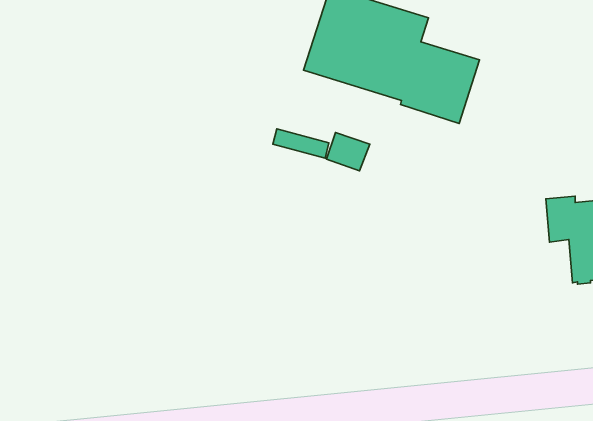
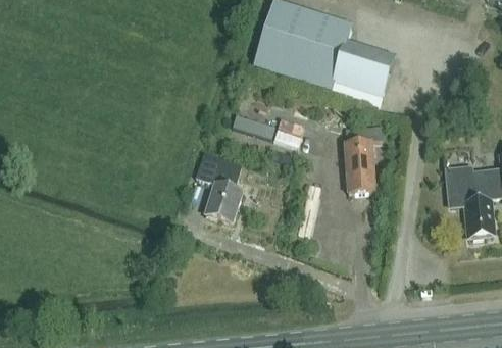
building: none -> [343,122,383,191]
building: none -> [196,151,243,219]

